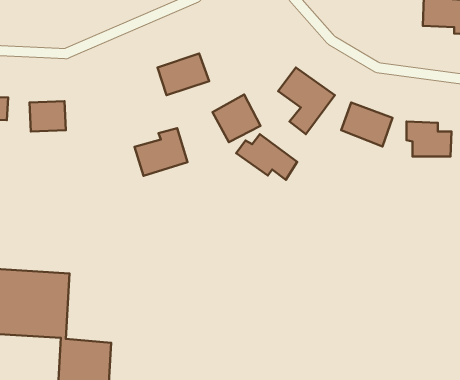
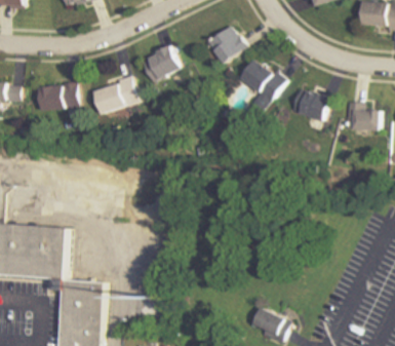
building: [213,94,260,142] -> [208,25,247,64]
building: [135,128,187,176] -> [95,75,139,114]
building: [236,134,297,180] -> none

